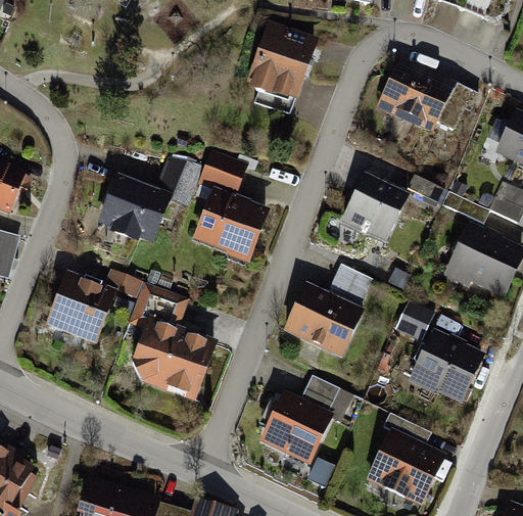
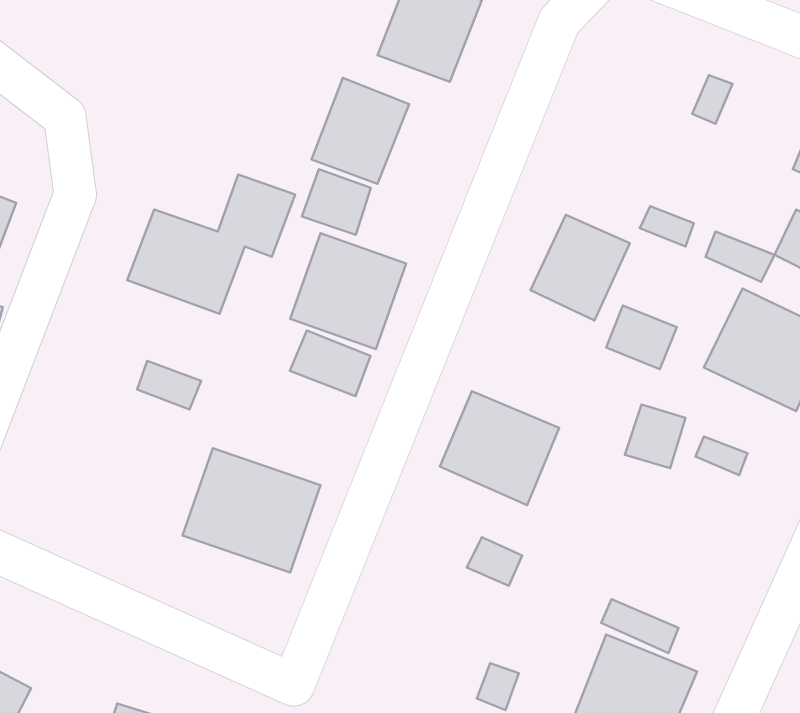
building: [378,59,451,129] -> none
building: none -> [311,78,409,184]
building: [331,265,374,303] -> [606,305,677,369]
building: [51,278,112,339] -> none
building: [136,285,185,325] -> [290,331,371,396]
building: [413,332,485,402] -> none
building: [263,393,328,456] -> none

